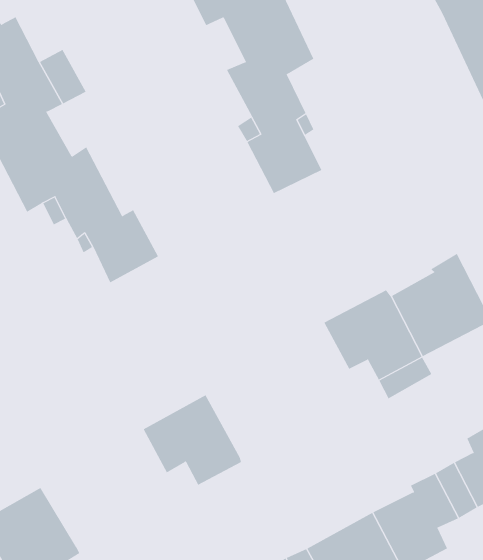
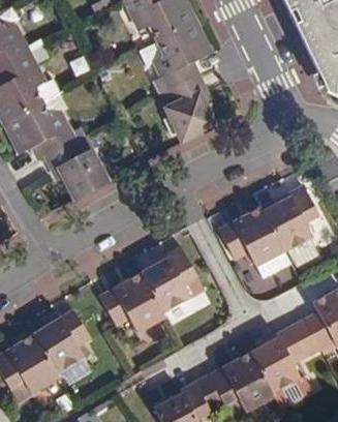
building: none -> [140,246,197,315]
building: none -> [31,311,89,374]

